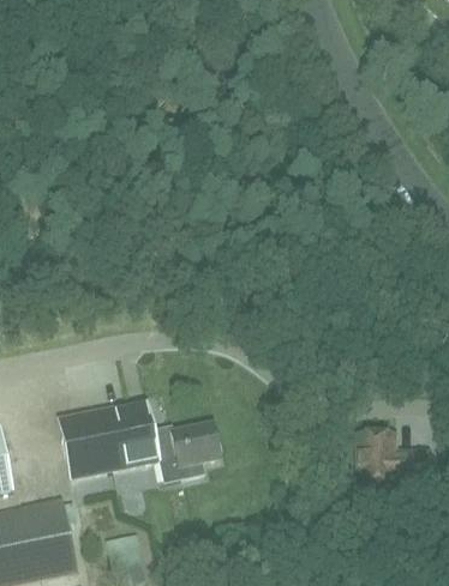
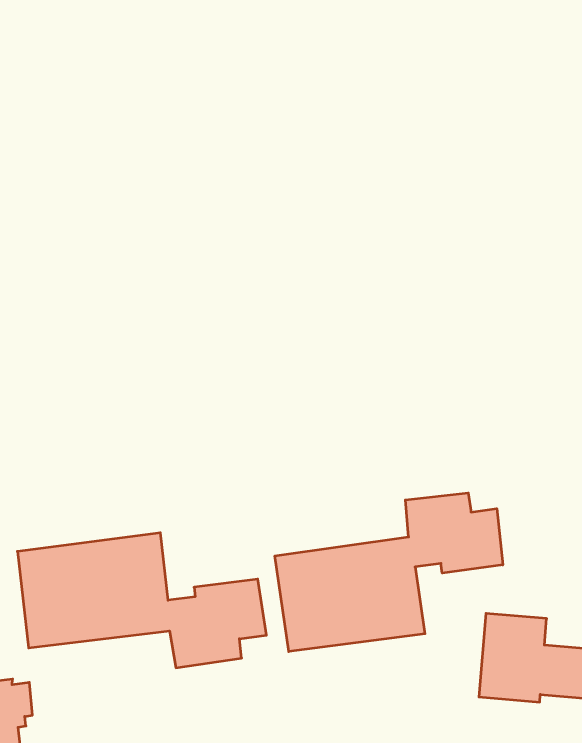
building: none -> [275,493,503,652]

